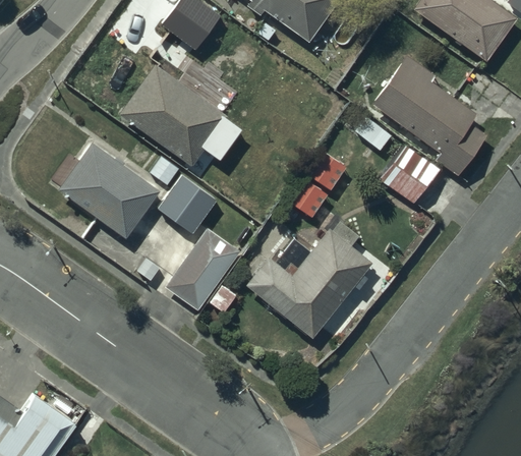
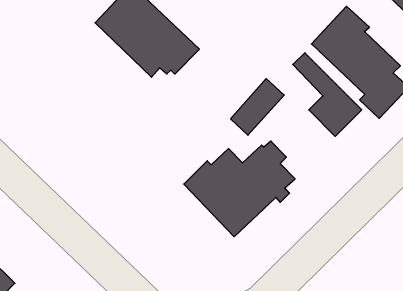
building: [59,142,160,237] -> none
building: [158,175,218,234] -> none
building: [167,229,242,311] -> none

